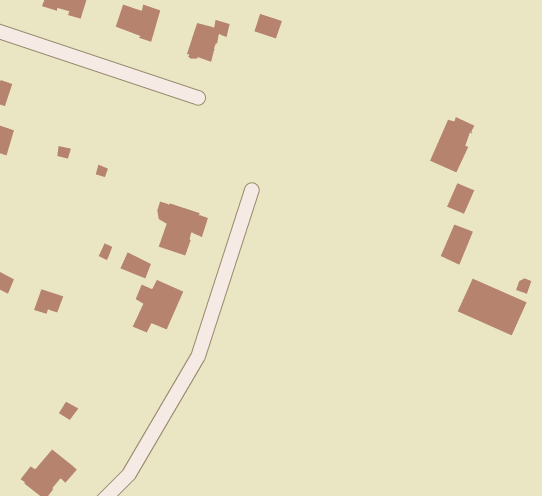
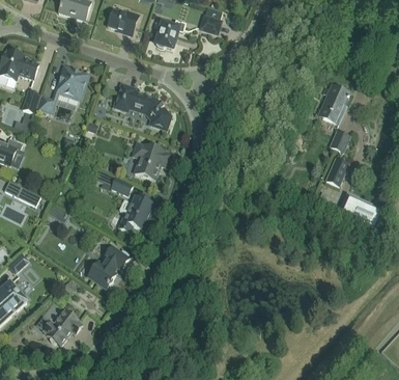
building: none -> [37,69,87,114]
building: none -> [113,85,170,131]
building: none -> [88,248,127,290]

